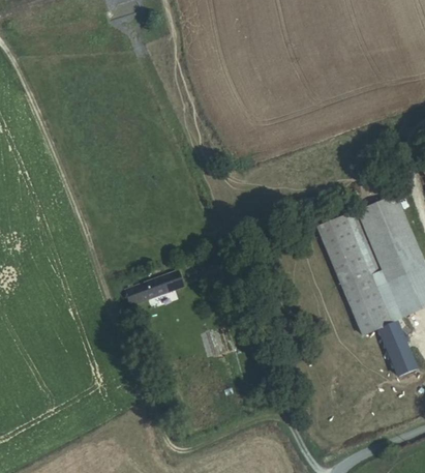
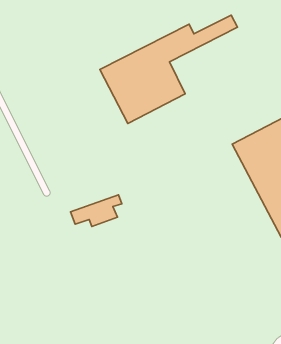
building: none -> [100,15,238,124]

